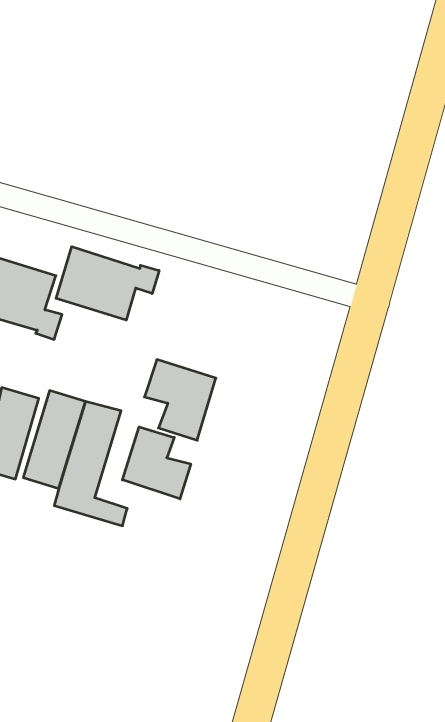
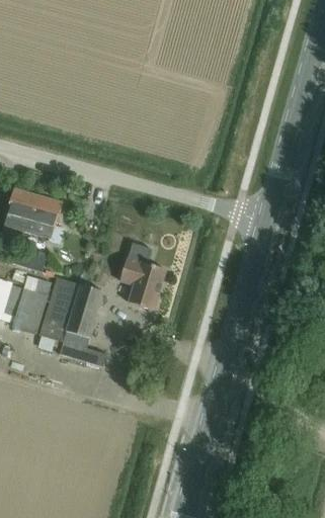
building: [56,247,159,320] -> none
building: [122,427,191,499] -> none

